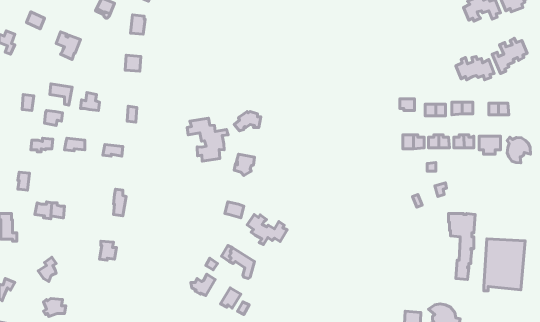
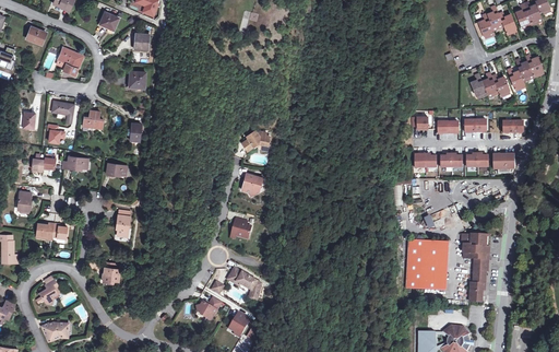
building: [187,118,228,161] -> none
building: [507,137,530,163] -> none
building: [247,214,287,244] -> none
building: [484,239,525,291] -> [404,238,447,292]

